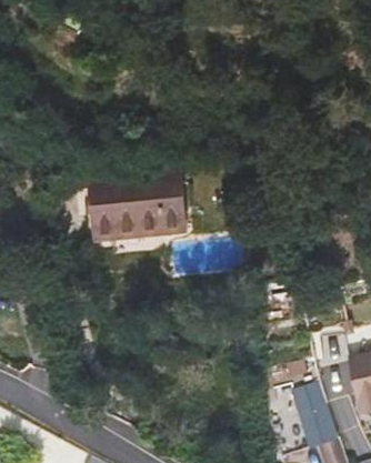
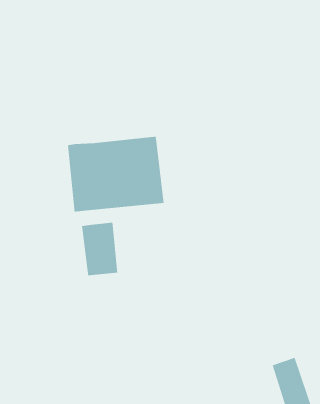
building: none -> [81,222,118,276]

